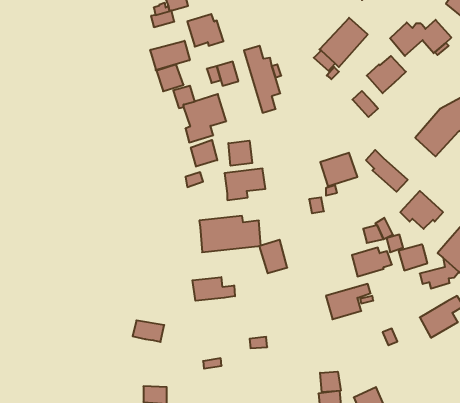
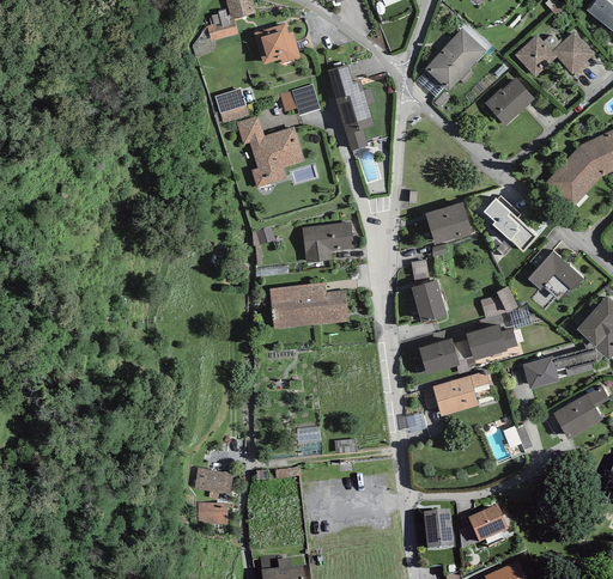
building: [150,41,190,70] -> none
building: [352,91,378,117] -> none
building: [191,140,217,167] -> none
building: [228,141,252,166] -> none
building: [259,240,287,273] -> [411,279,447,322]
building: [399,244,427,270] -> [522,355,559,389]
building: none -> [419,337,460,374]
building: [192,277,235,301] -> none
building: [133,320,164,342] -> [193,467,233,494]
building: [320,372,341,392] -> none

